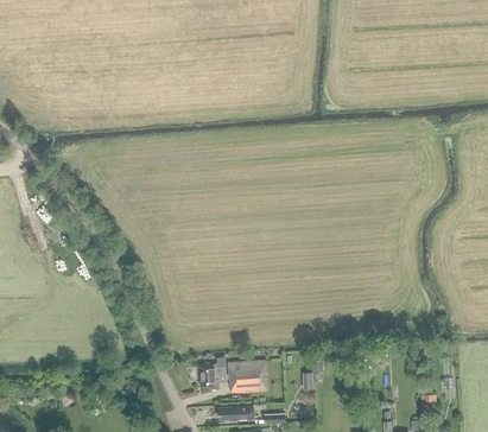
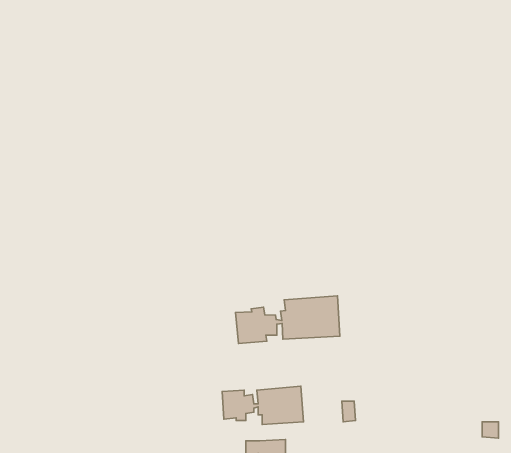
building: none -> [236,296,340,343]

